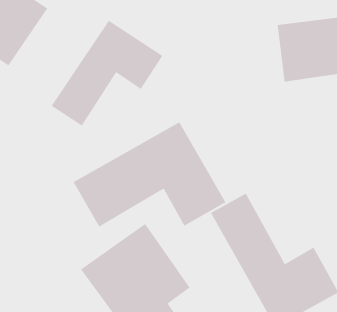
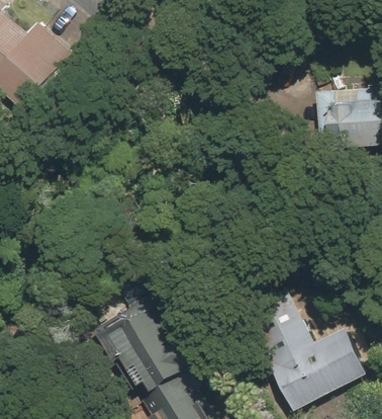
building: [51,20,163,126] -> none
building: [73,121,226,228] -> none

